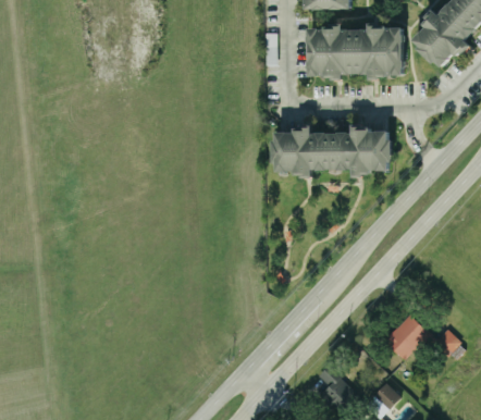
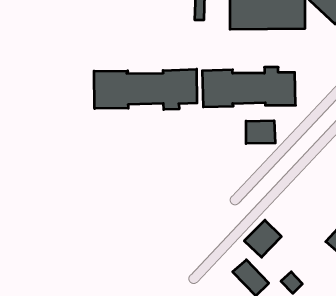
building: none -> [94,69,197,110]
building: none -> [246,121,275,144]
building: [382,313,429,360] -> [244,220,281,257]

